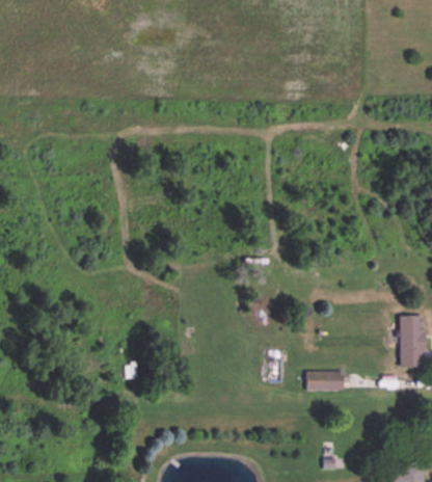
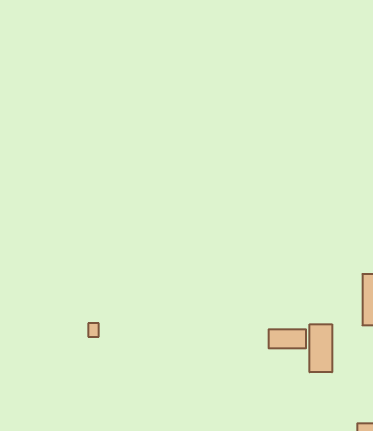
building: none -> [310,324,332,372]

